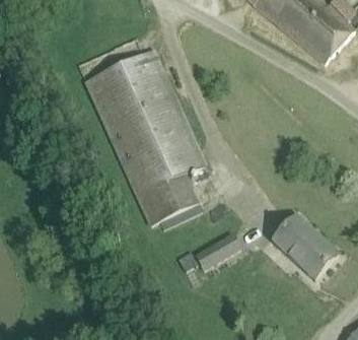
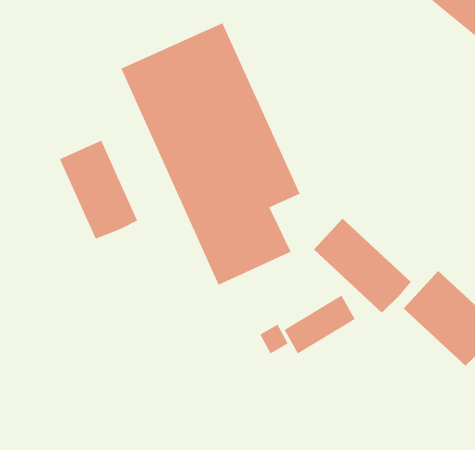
building: none -> [59,140,138,240]
building: none -> [313,218,412,314]

